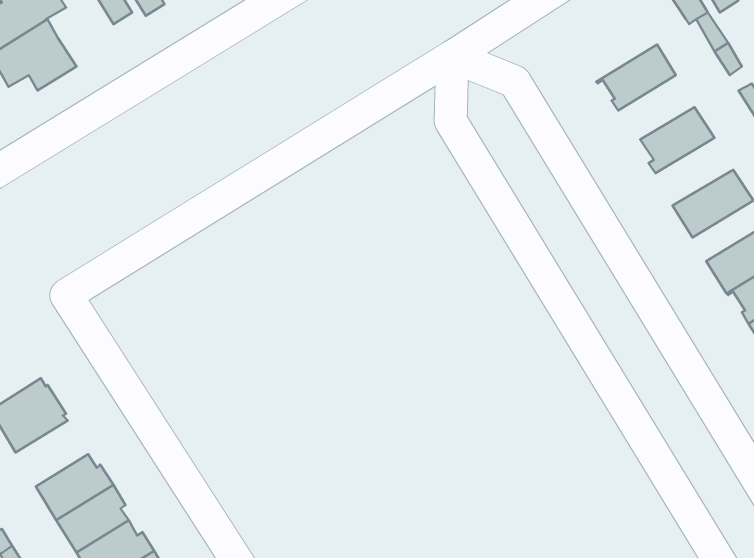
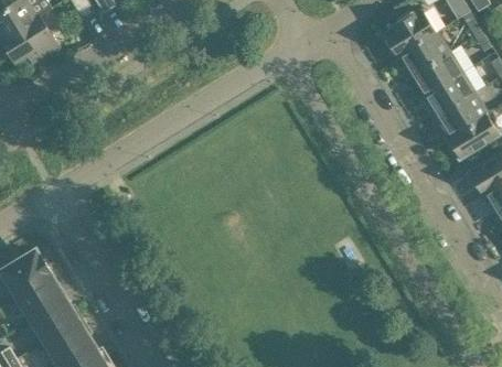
building: none -> [383,11,436,56]
building: none -> [410,52,460,94]
building: none -> [435,93,485,137]
building: none -> [18,277,65,320]

